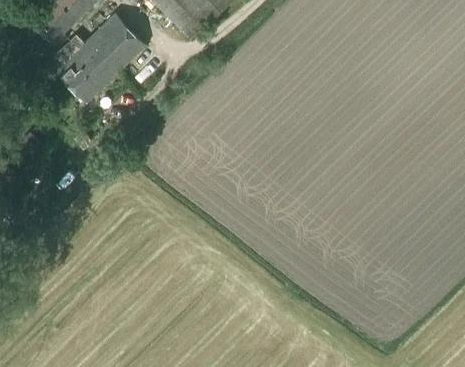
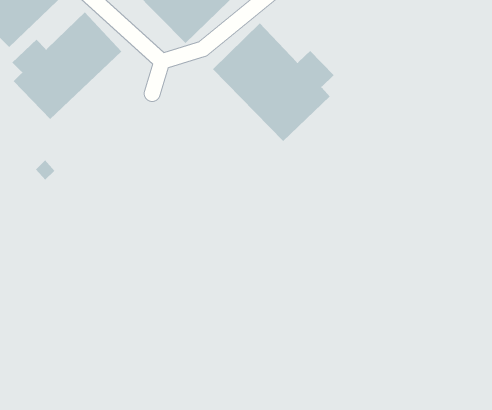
building: none -> [212,22,335,142]

